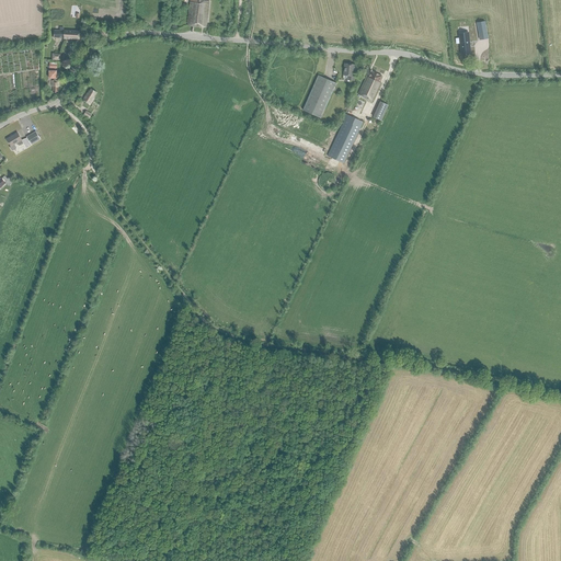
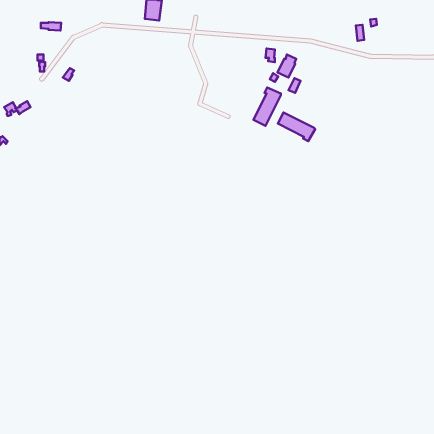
building: [302,76,335,117] -> none
building: none -> [278,112,315,141]

